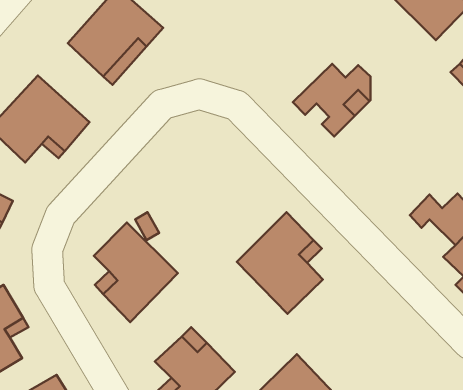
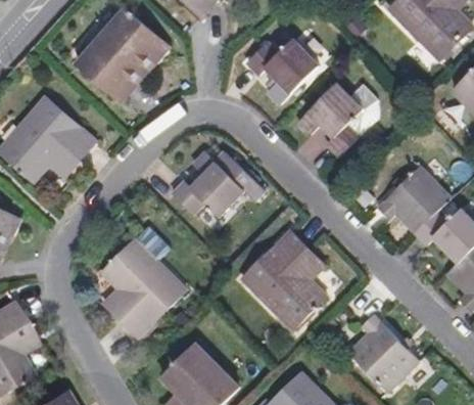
building: none -> [247,39,319,103]
building: none -> [175,149,265,215]
building: none -> [374,167,446,232]
building: none -> [349,312,419,389]

